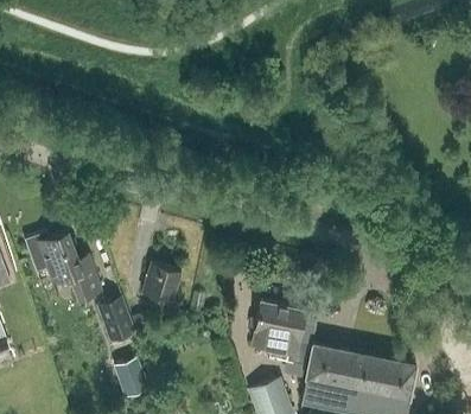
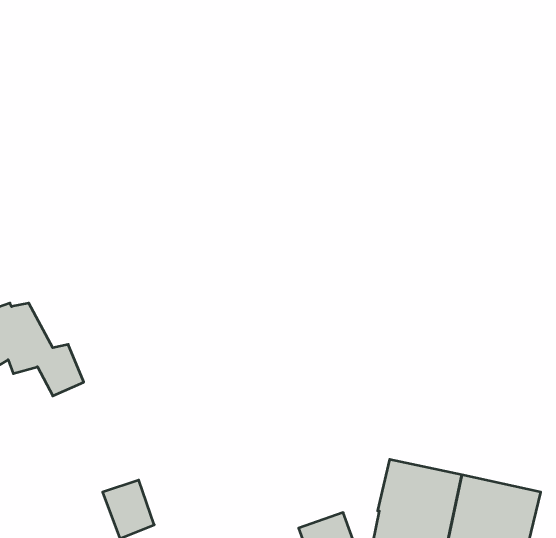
building: [142,263,182,320] -> none
building: [97,298,135,343] -> none
building: [252,301,307,367] -> none

